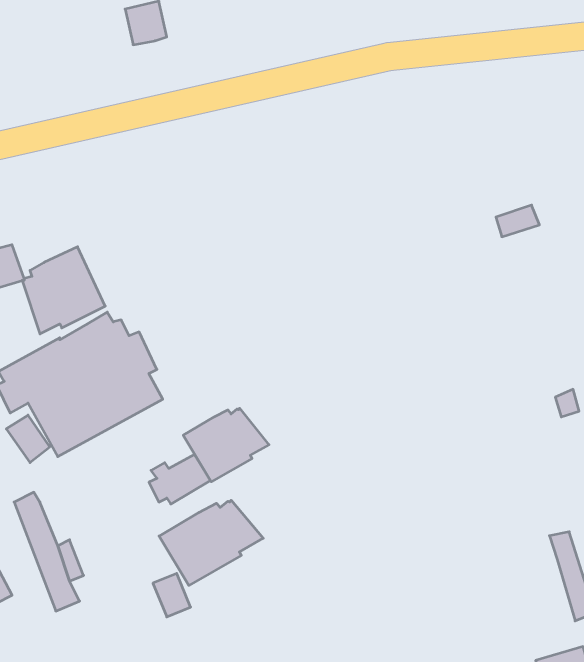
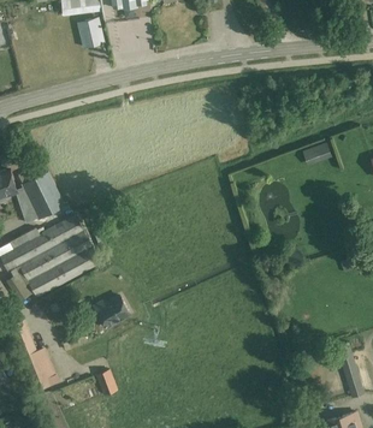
building: [183,408,269,482] -> none
building: [159,500,263,585] -> none

